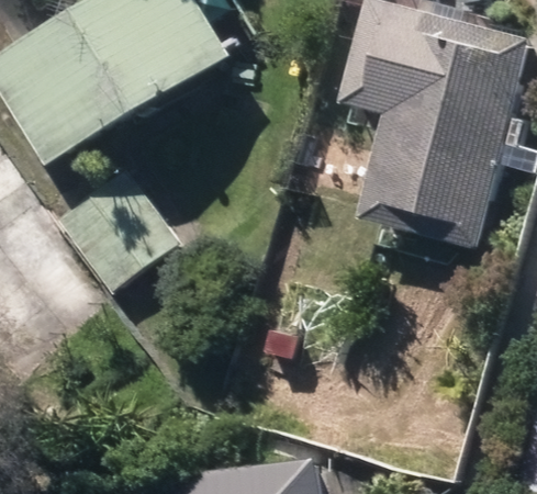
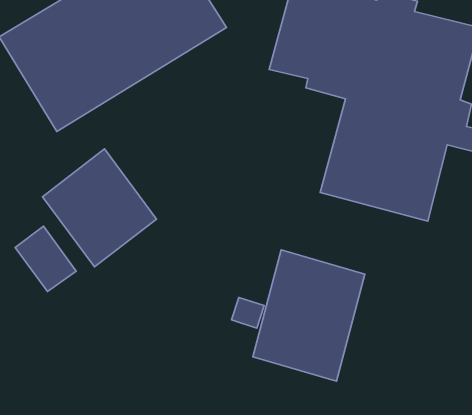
building: none -> [253,250,365,381]

